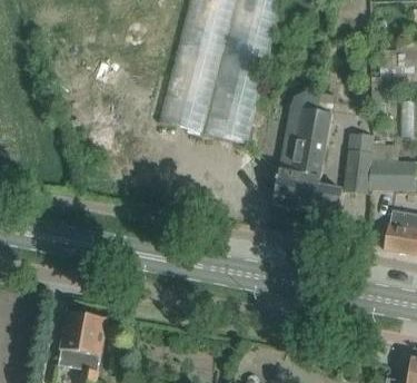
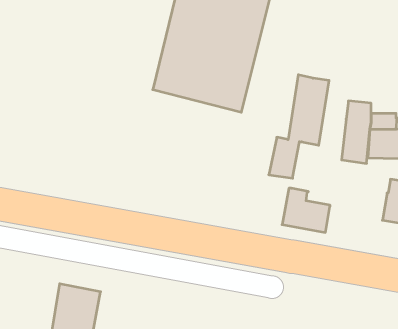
building: [296,171,342,215] -> [282,188,330,232]

